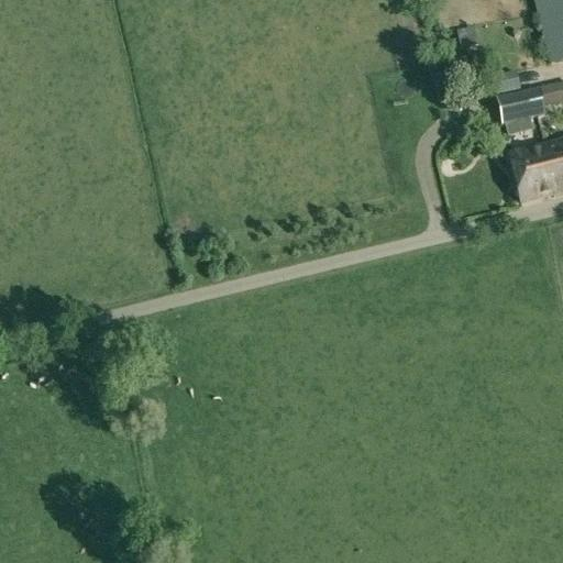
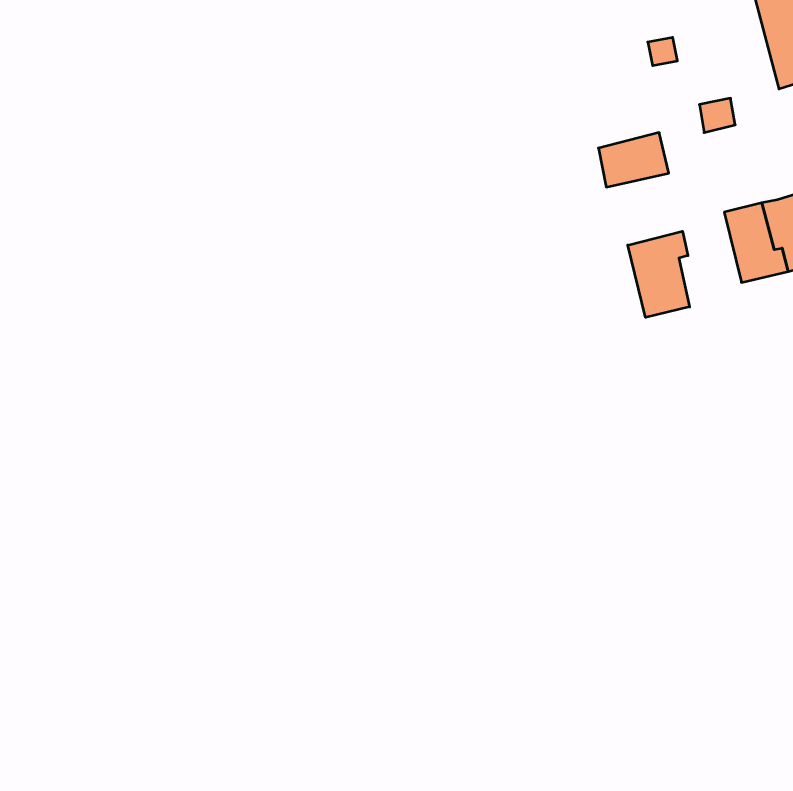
building: [499,85,549,123] -> [598,133,669,187]
building: none -> [628,231,690,317]

